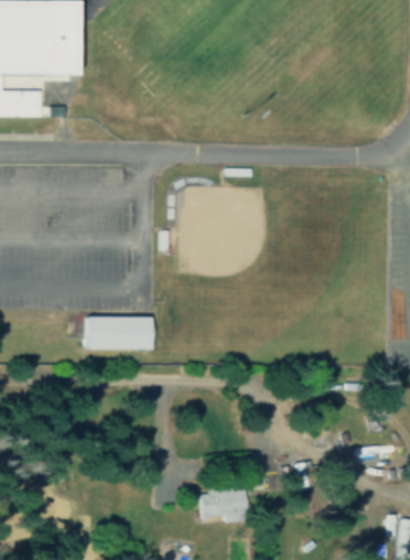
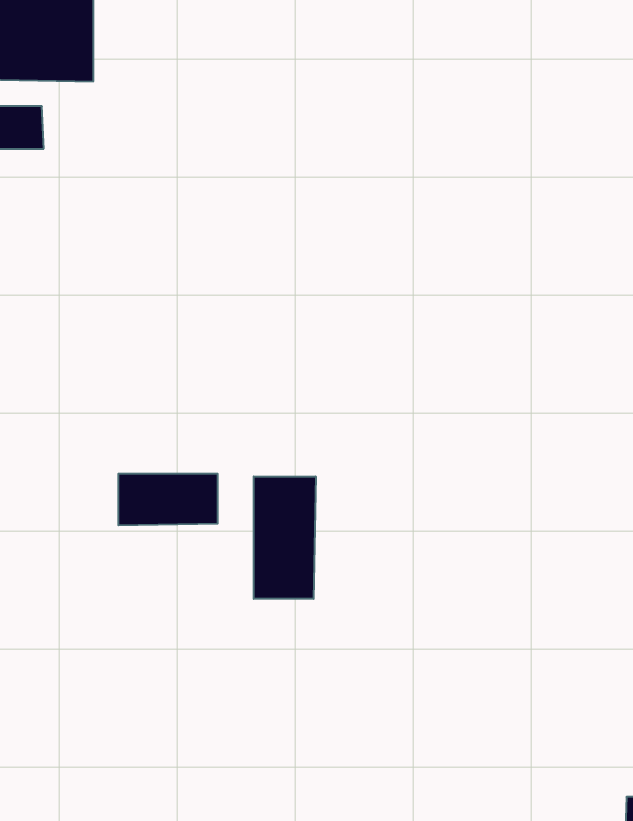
building: none -> [254,476,316,599]
building: [201,489,247,520] -> none

